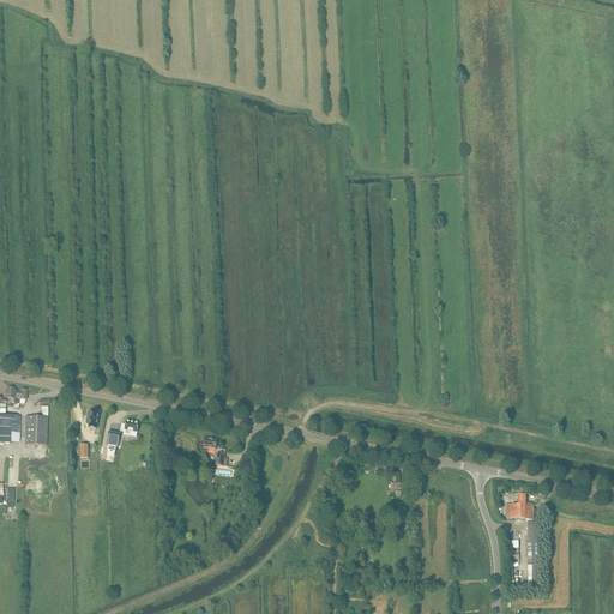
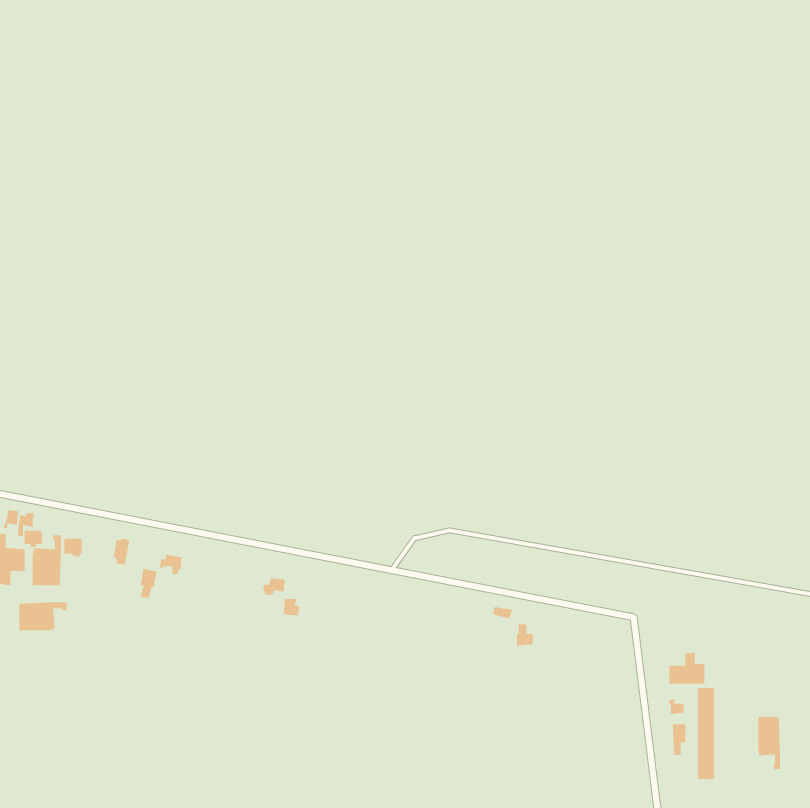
building: none -> [19,602,67,631]
building: none -> [758,716,781,770]

